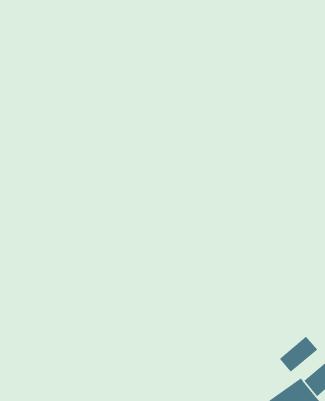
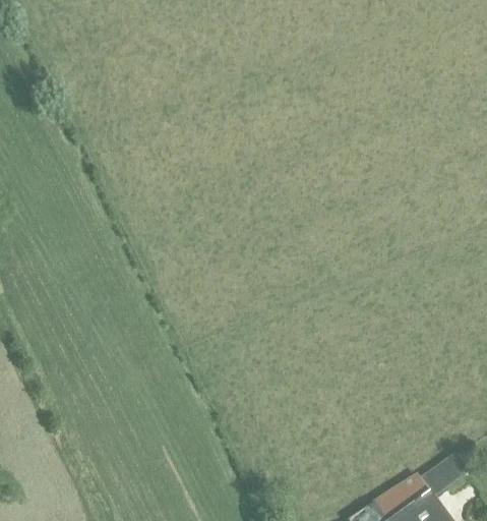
building: [279,336,318,372] -> none

